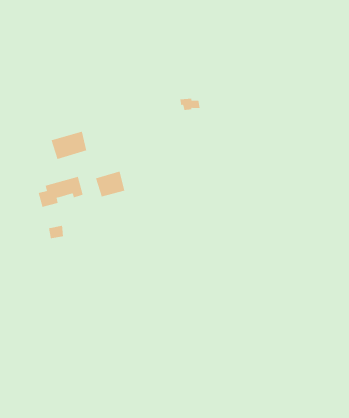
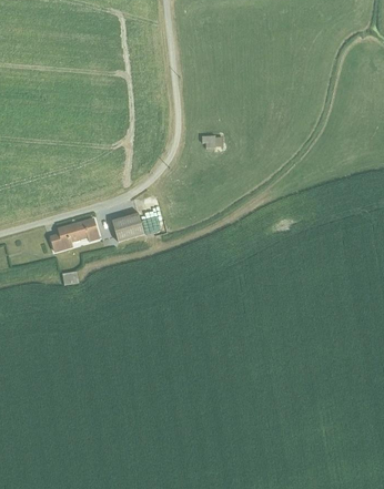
building: [51,131,87,160] -> none

